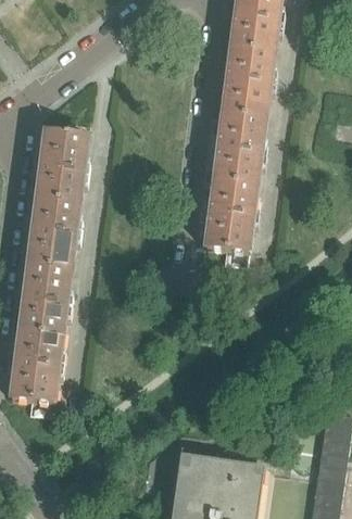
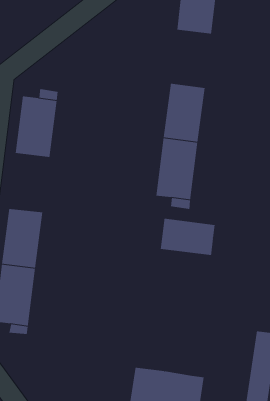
building: [223,51,273,121] -> none
building: [29,199,79,269] -> none
building: none -> [160,218,215,256]

